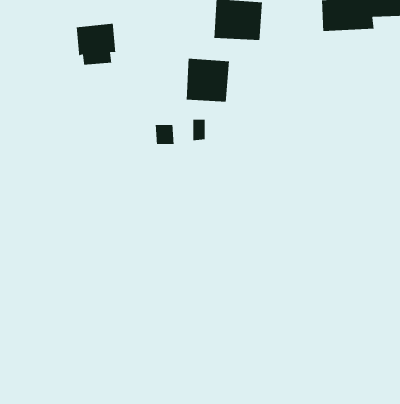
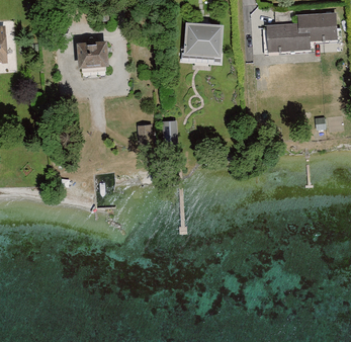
building: [186,58,230,103] -> none

